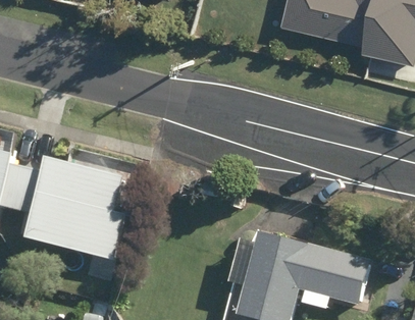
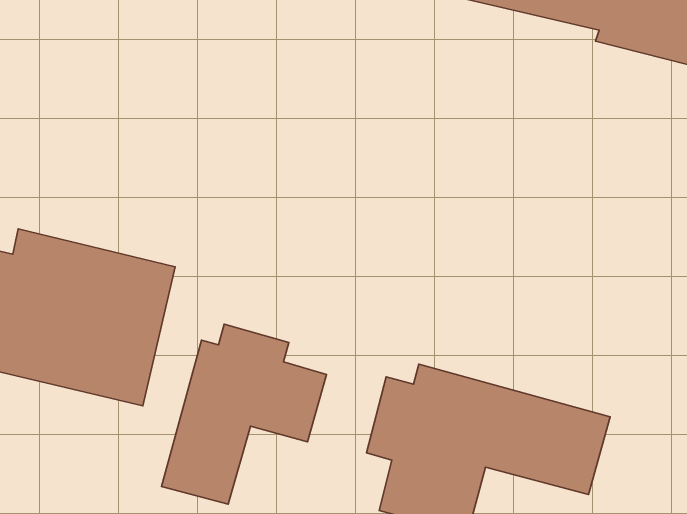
building: none -> [162,324,326,504]

